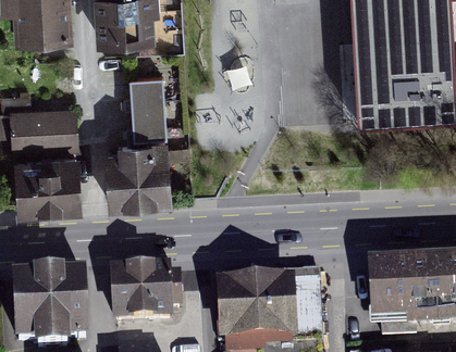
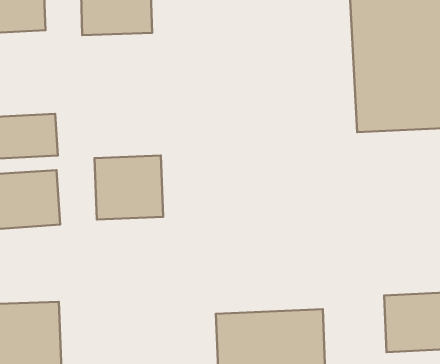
building: [132,77,170,144] -> none
building: [111,268,175,319] -> none

